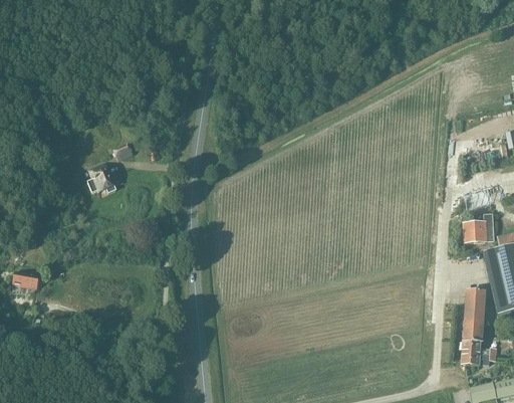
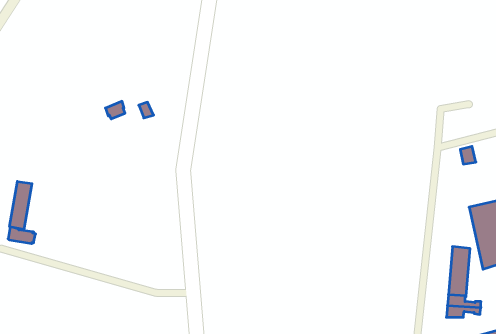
building: [86,163,117,195] -> none
building: [464,214,492,243] -> none
building: none -> [10,181,32,230]

